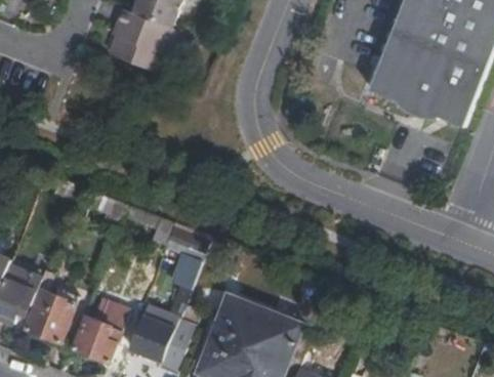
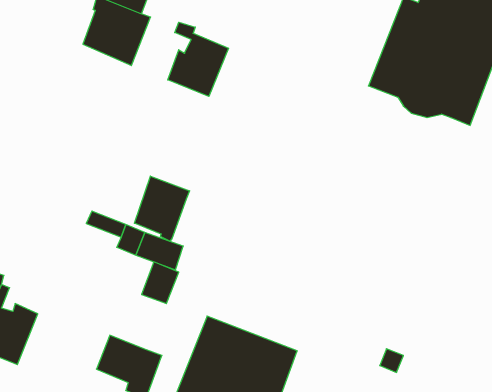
building: none -> [168,22,228,96]
building: none -> [134,176,190,241]
building: [69,308,120,361] -> none

